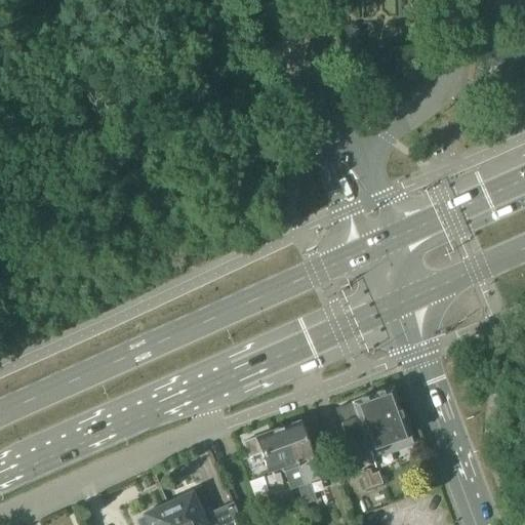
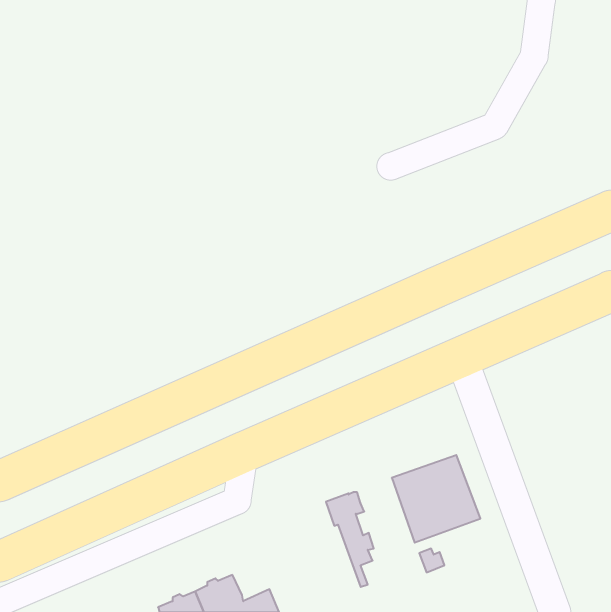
building: [243,430,309,504] -> none

